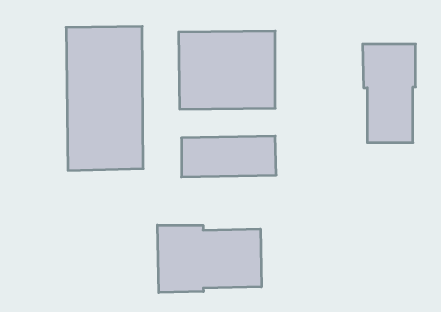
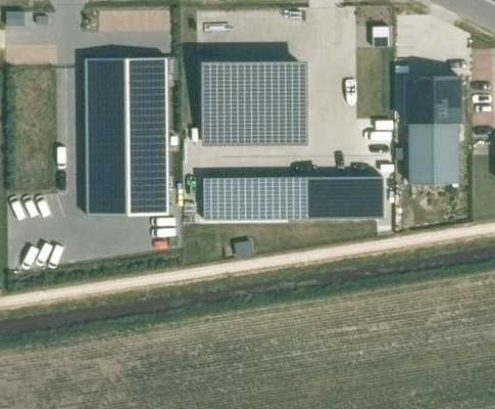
building: none -> [309,176,386,220]
building: [157,225,261,293] -> none

